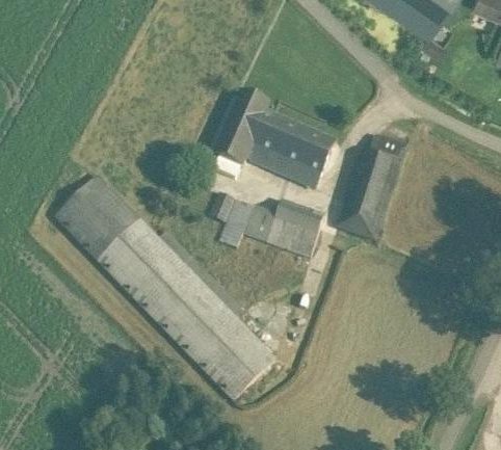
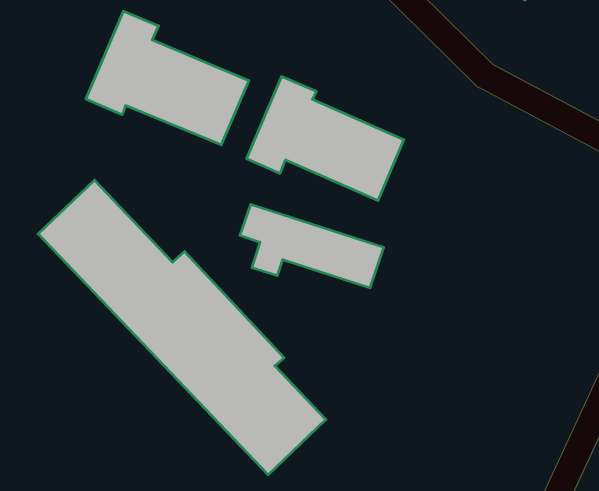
building: none -> [86,11,249,145]
building: [340,150,402,239] -> none

